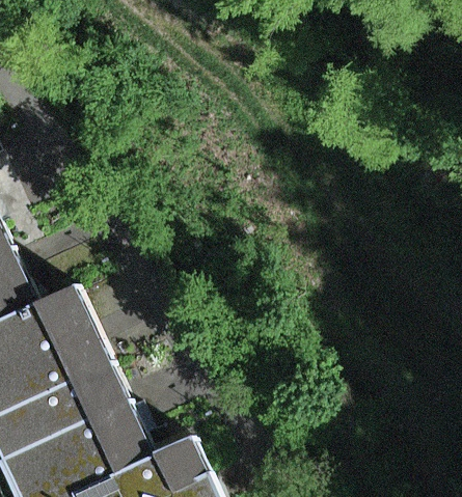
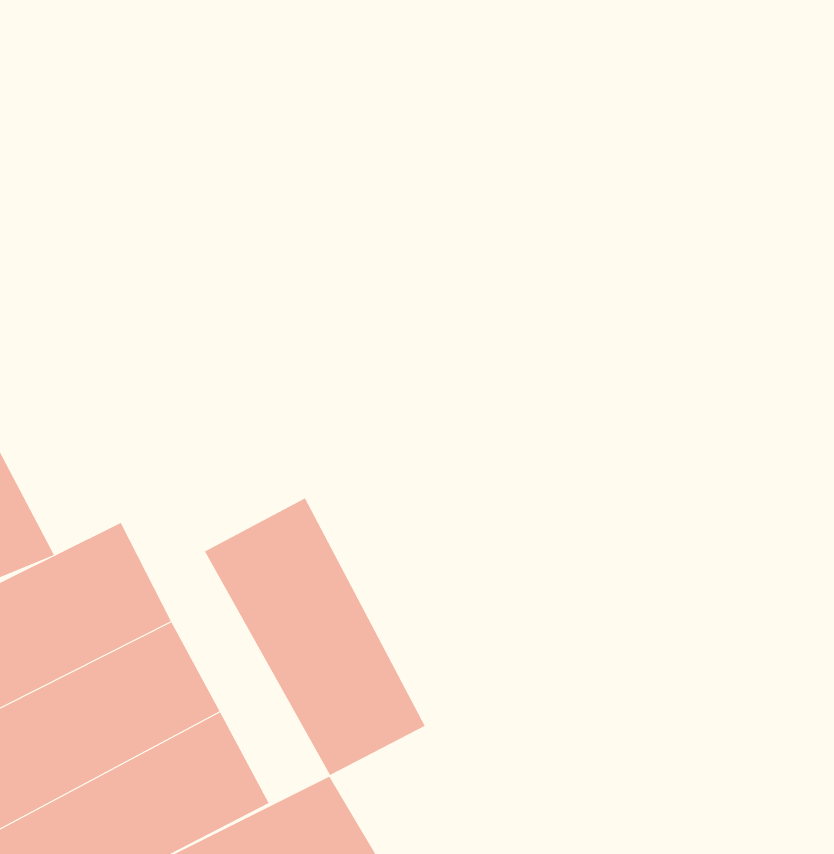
building: none -> [204,498,426,776]

